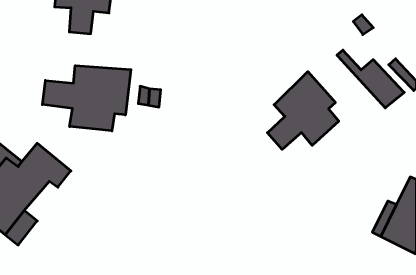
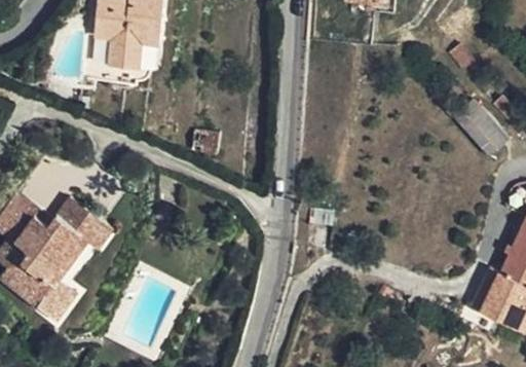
building: [42,66,131,131] -> none
building: [267,72,339,149] -> none

